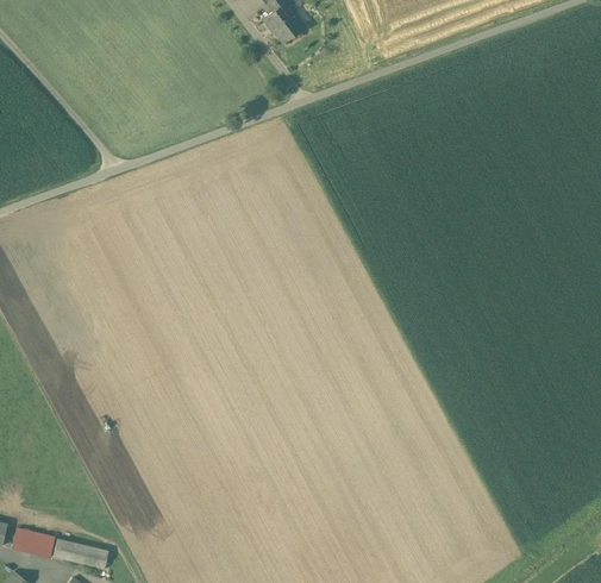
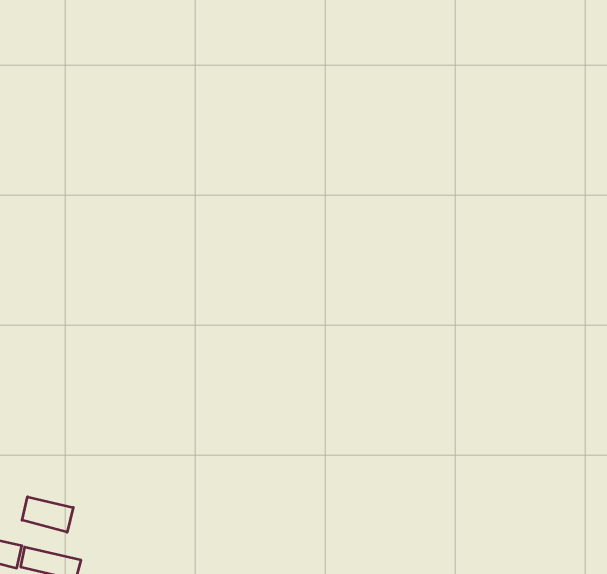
building: none -> [22,497,73,532]

